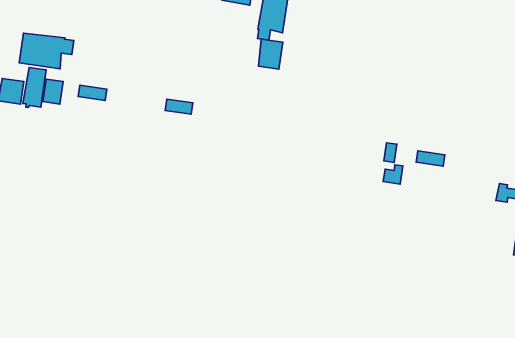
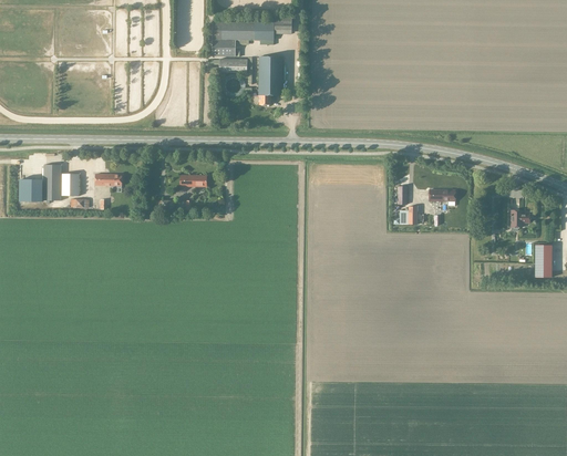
building: [19,33,74,69] -> none
building: [258,39,283,69] -> none

